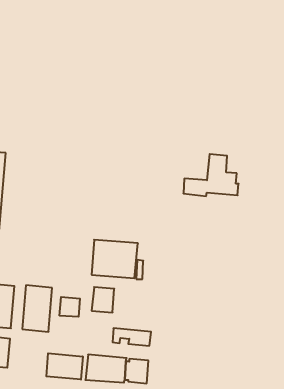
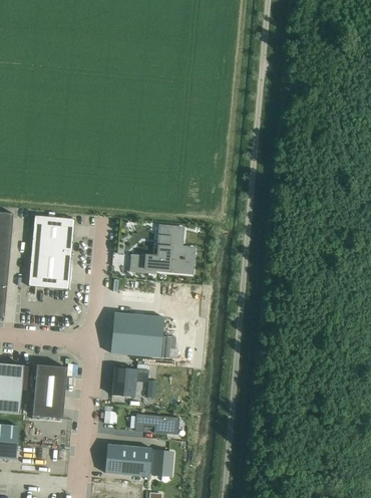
building: [183,154,239,196] -> [129,226,193,274]
building: none -> [28,217,75,290]
building: [60,297,80,317] -> none
building: [46,353,83,380] -> none

